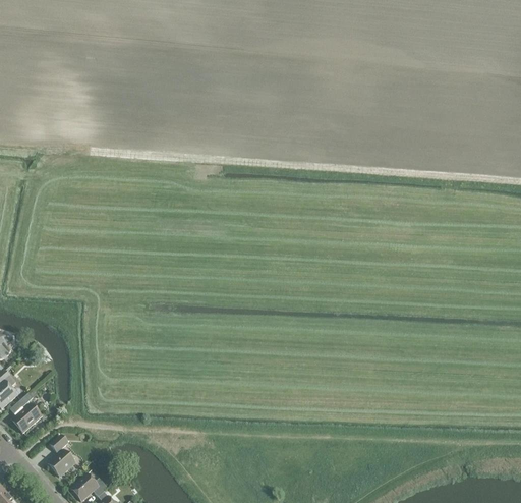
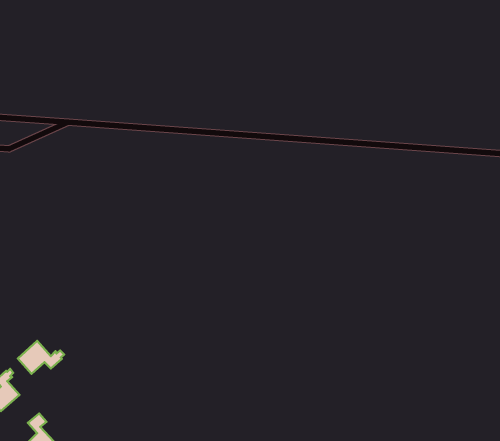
building: none -> [18,341,64,374]

